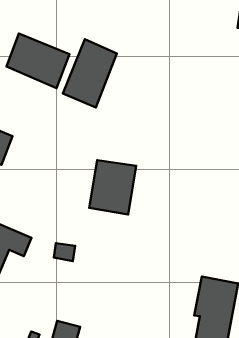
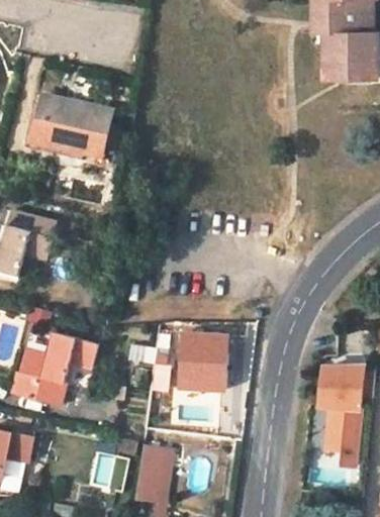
building: [63,39,117,108] -> none
building: [89,160,136,215] -> [176,330,226,392]

